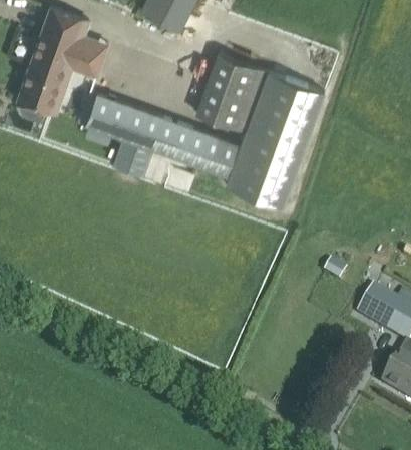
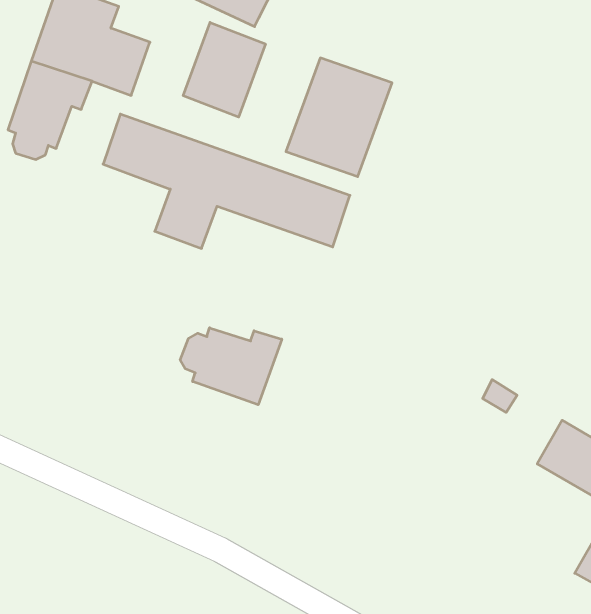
building: none -> [183,22,265,117]
building: [226,70,324,206] -> none
building: none -> [180,328,282,405]

